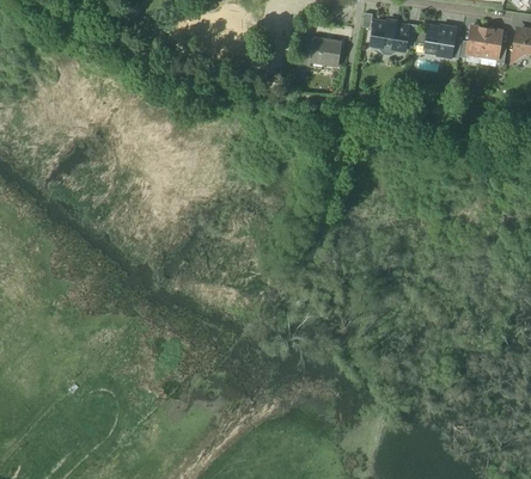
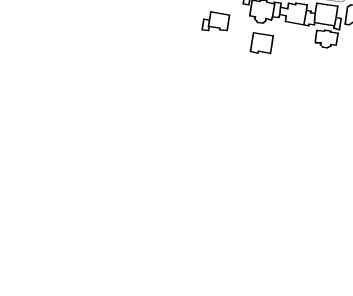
building: none -> [316,30,338,48]
building: none -> [250,33,273,53]

